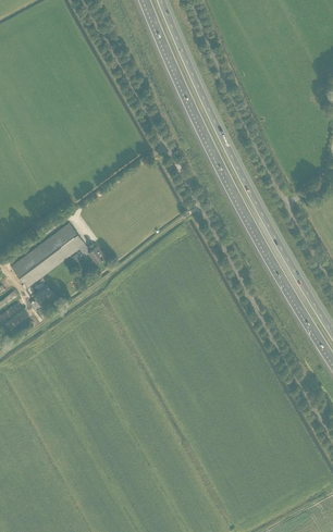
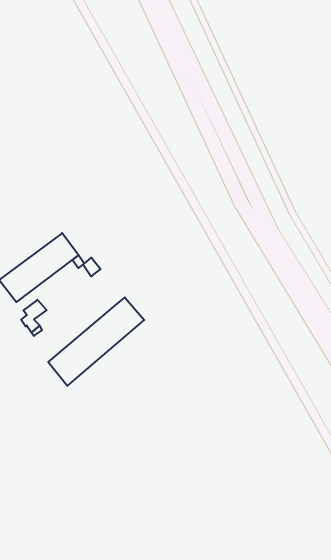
building: none -> [48,297,144,386]

